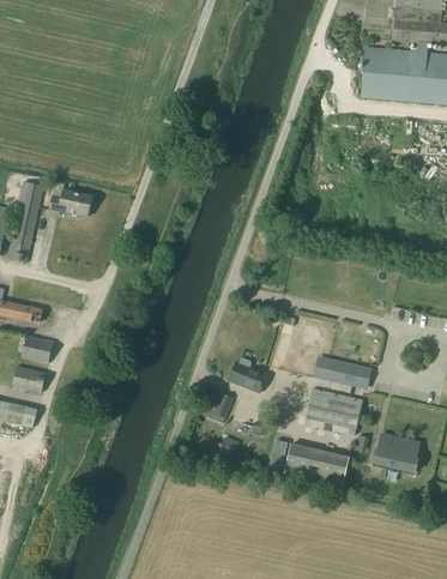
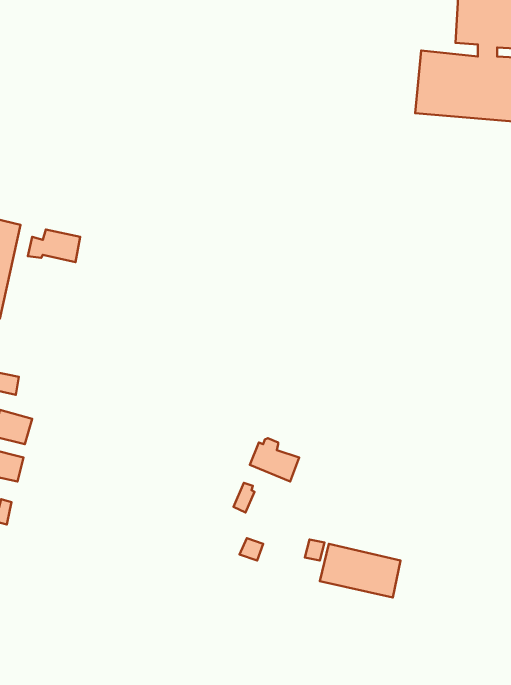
building: [322,358,369,387] -> none
building: [306,388,362,435] -> none
building: [373,433,419,471] -> none

